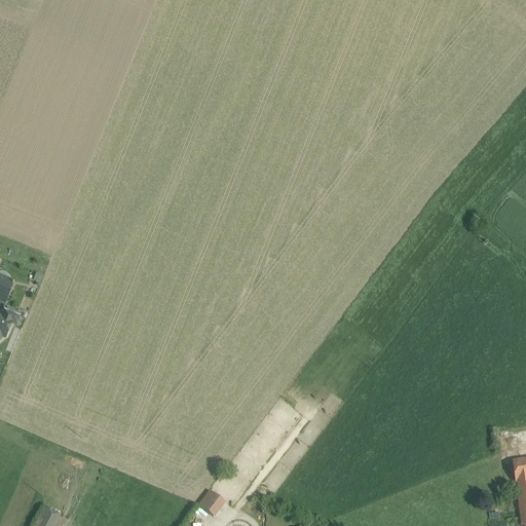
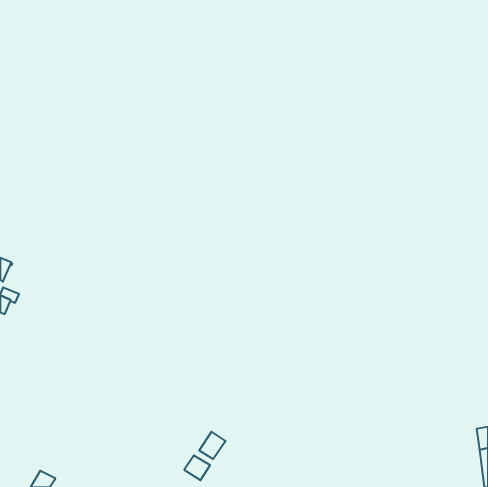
building: none -> [199,432,226,459]

